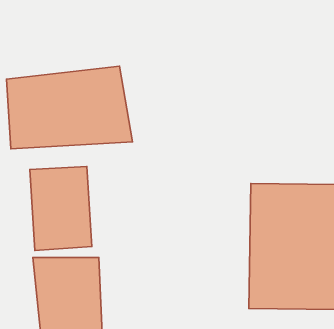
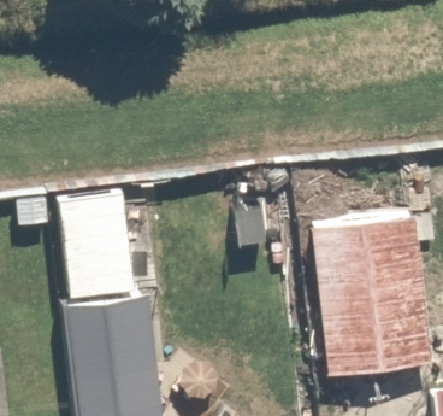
building: [7,66,132,149] -> none

